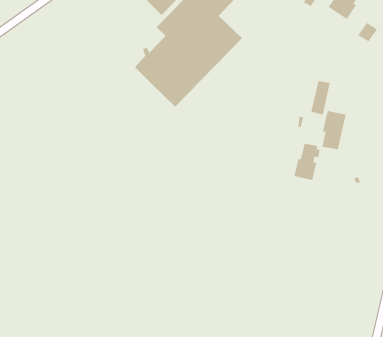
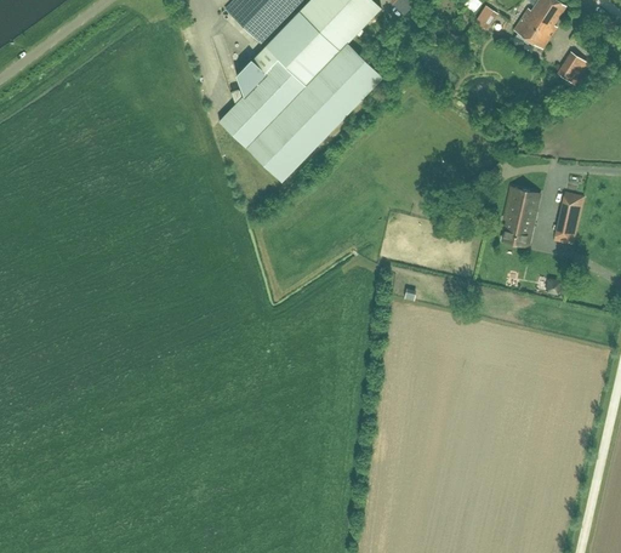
building: [311,81,331,115] -> [554,190,585,243]
building: [294,143,320,181] -> none

